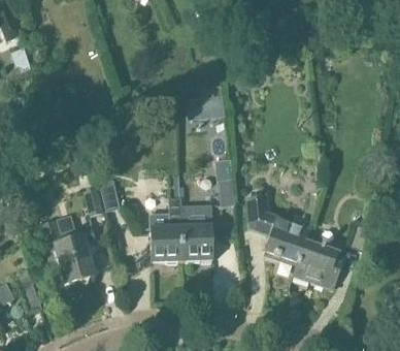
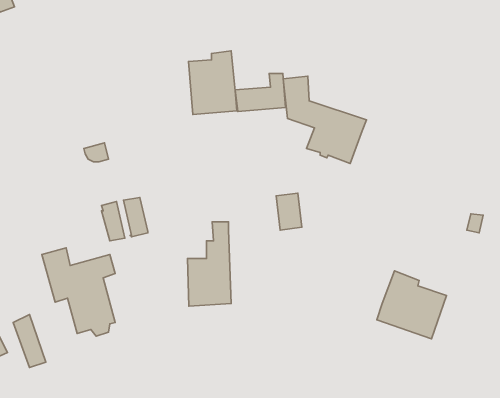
building: none -> [189,51,237,114]
building: [246,196,309,262] -> [283,76,366,163]
building: [180,205,212,262] -> none

